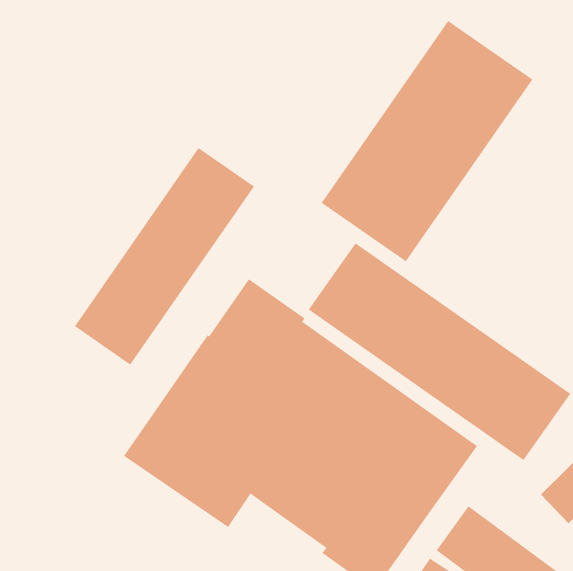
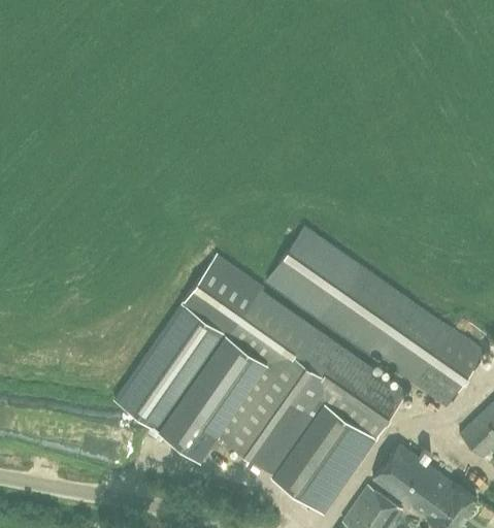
building: [321,20,533,262] -> none
building: [74,147,255,365] -> none

